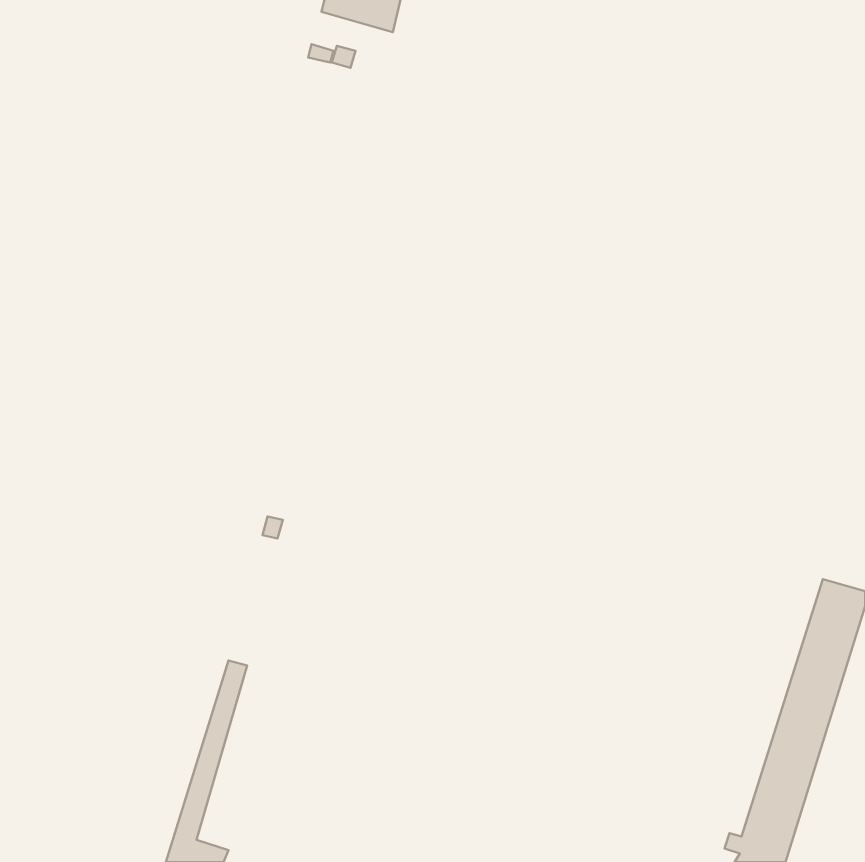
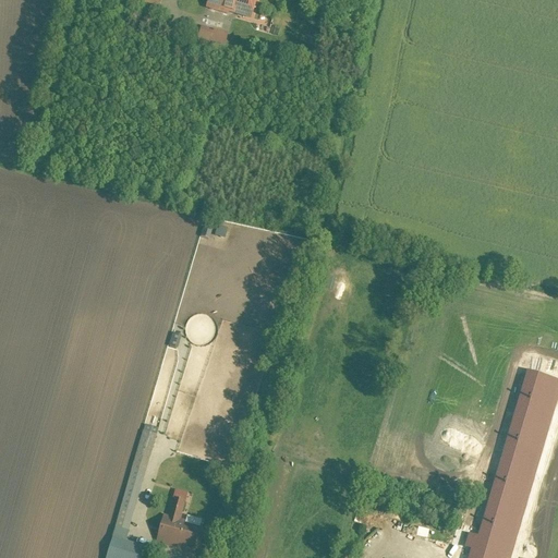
building: none -> [157,489,199,550]

